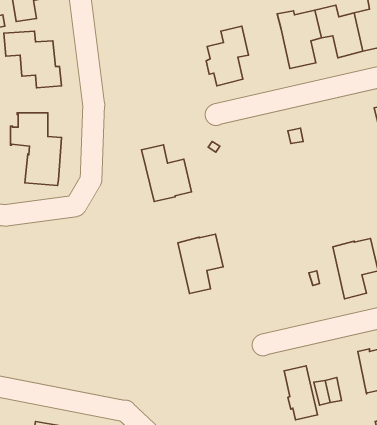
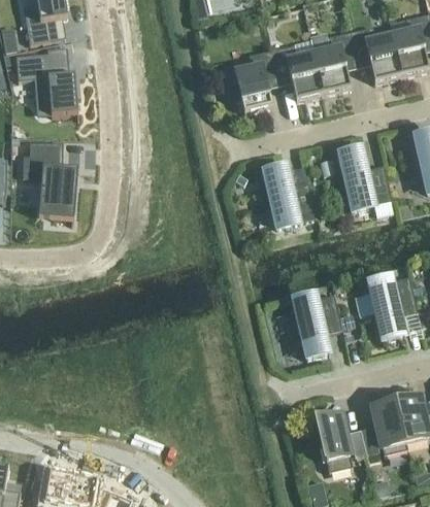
building: none -> [270,43,322,100]
building: none -> [337,148,392,215]
building: [142,145,191,202] -> [262,166,316,227]
building: [178,234,223,294] -> [293,294,341,358]
building: none -> [372,398,406,454]

